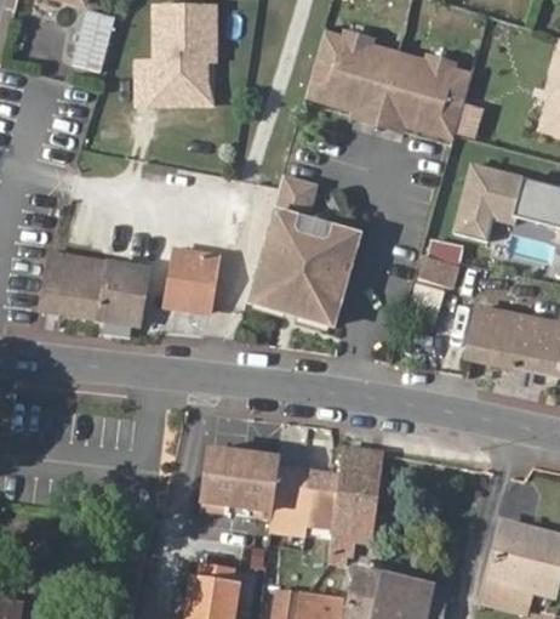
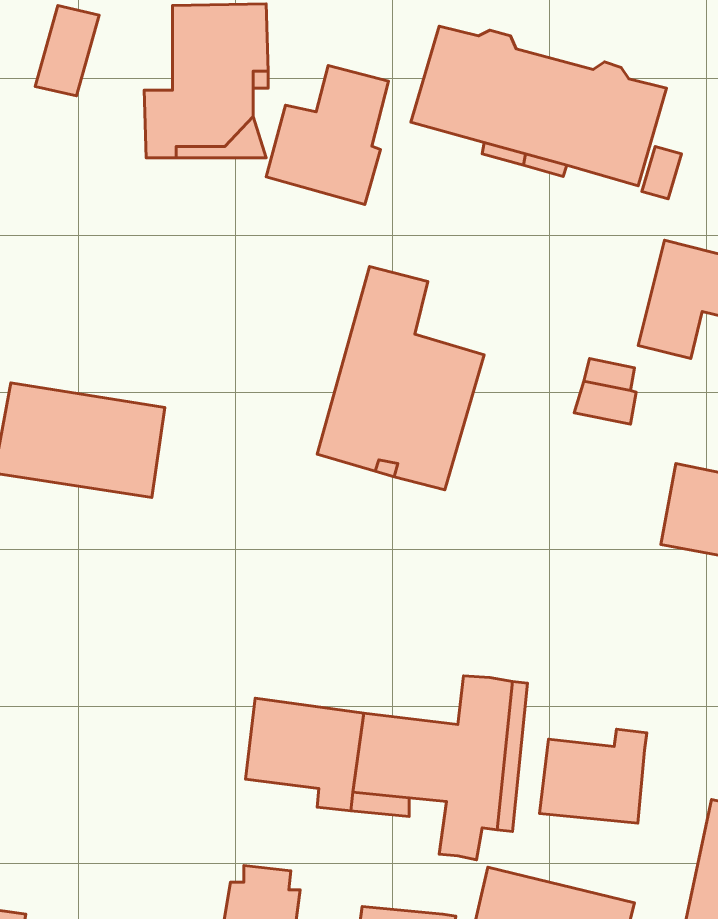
building: none -> [266,65,388,204]
building: [165,251,217,314] -> none
building: none -> [540,729,647,823]

